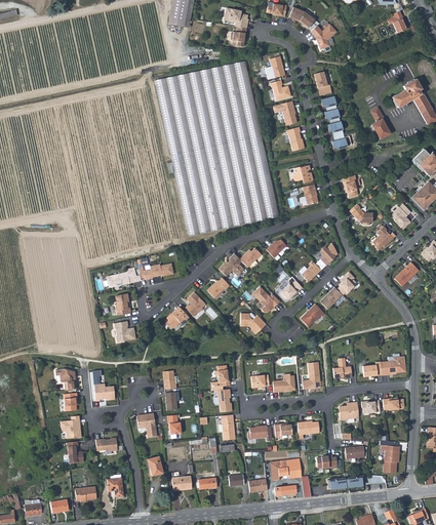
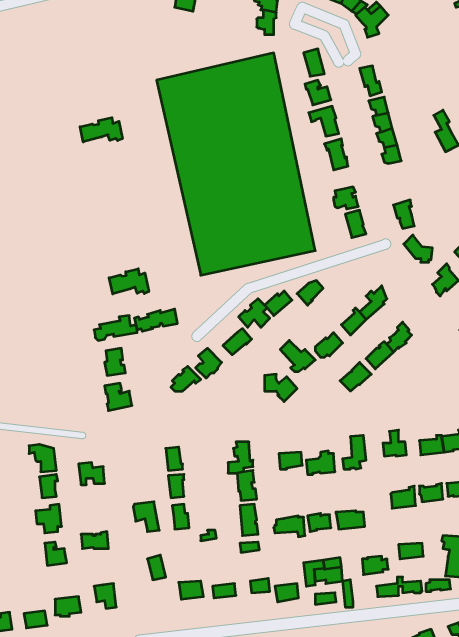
building: none -> [80,118,122,142]
building: none -> [109,269,149,294]

